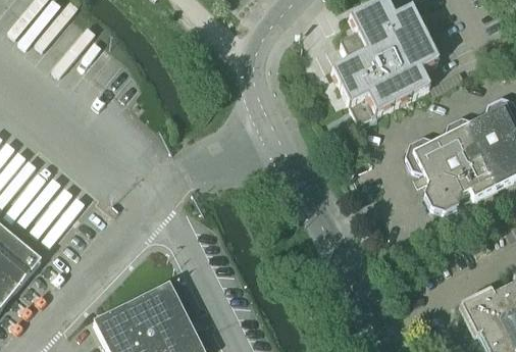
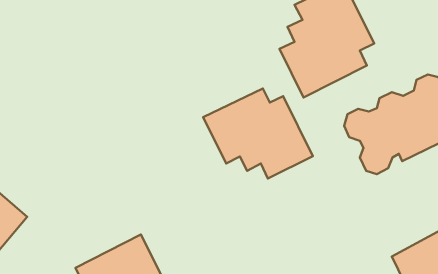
building: none -> [203,88,313,178]

